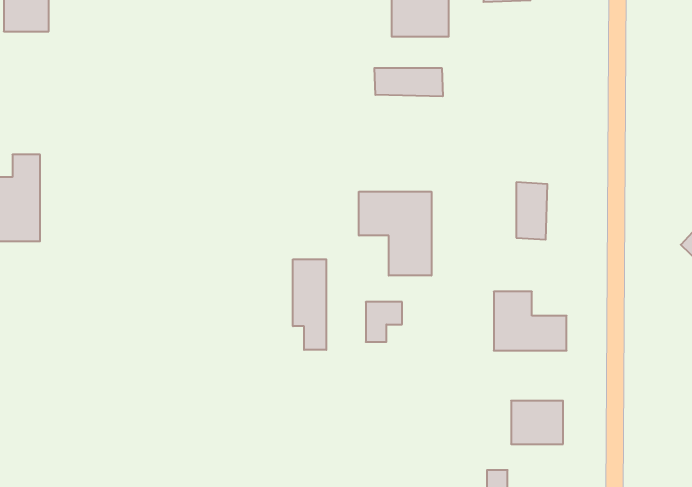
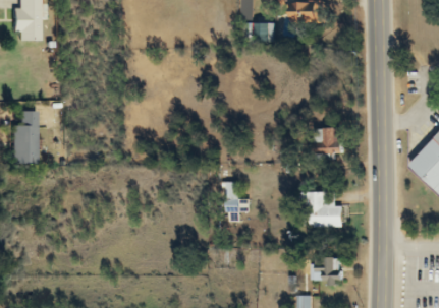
building: [374,68,443,96] -> none
building: [359,192,431,276] -> none
building: [293,259,326,350] -> none

